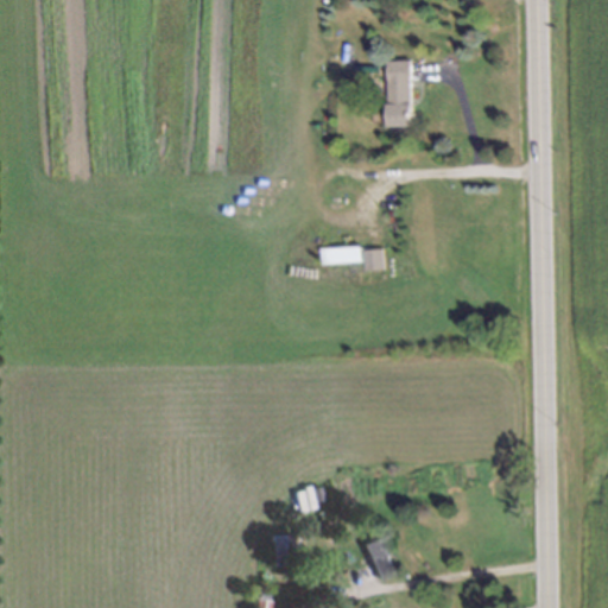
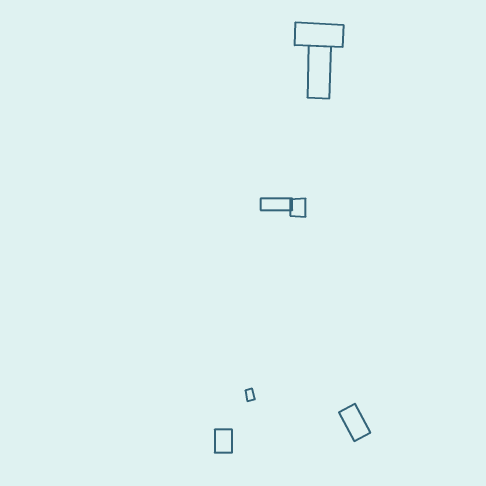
building: none -> [295,22,343,47]
building: [361,534,400,581] -> [339,404,370,441]

